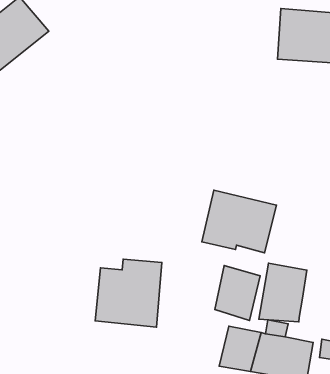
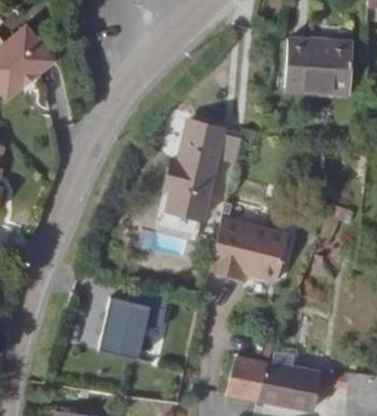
building: none -> [163,119,242,220]
building: [259,263,307,322] -> none
building: [215,265,260,320] -> none

